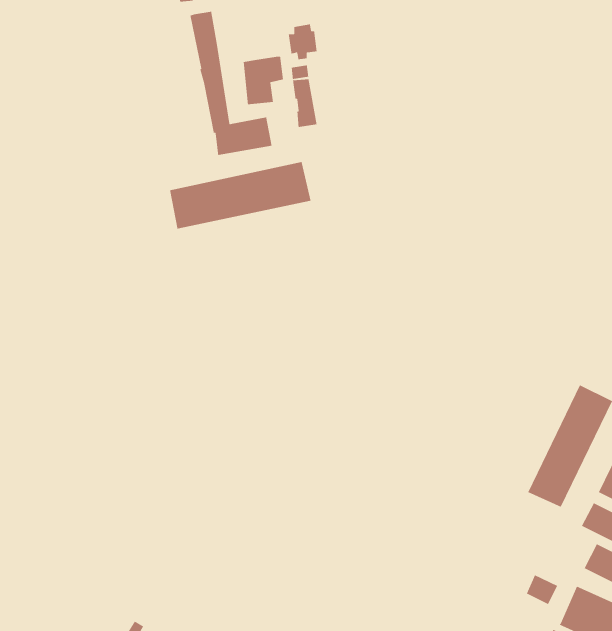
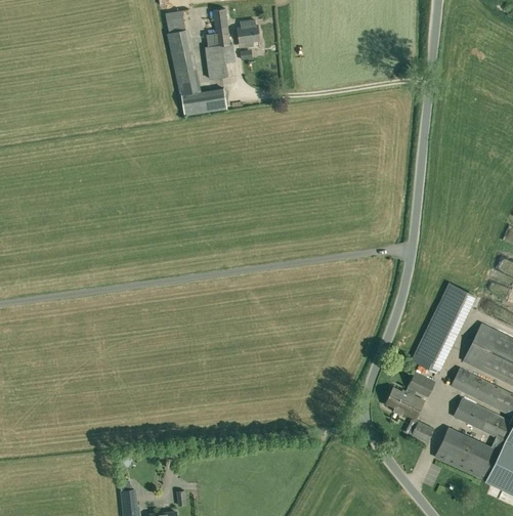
building: [292,78,318,128] -> [212,9,230,45]
building: [169,161,311,230] -> none
building: none -> [387,372,433,418]

